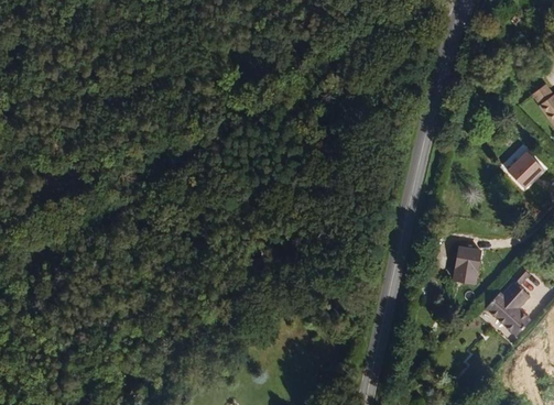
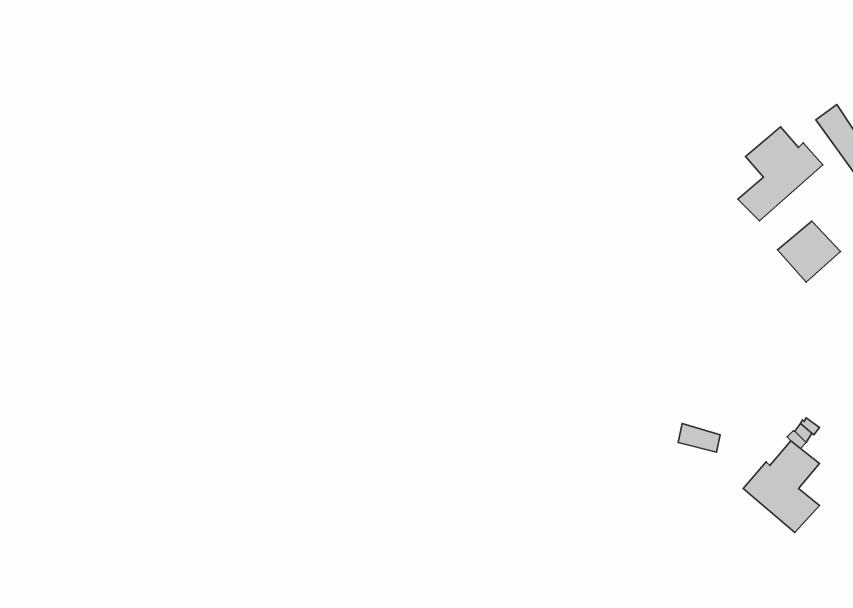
building: none -> [738,127,823,221]
building: [453,247,481,274] -> none

